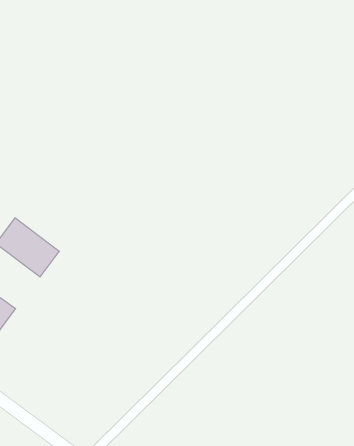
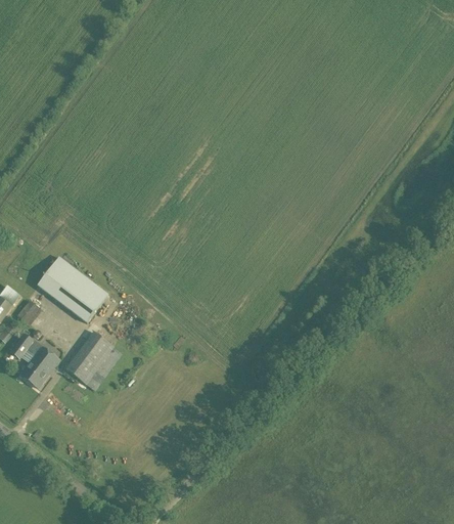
building: none -> [65,331,115,385]

